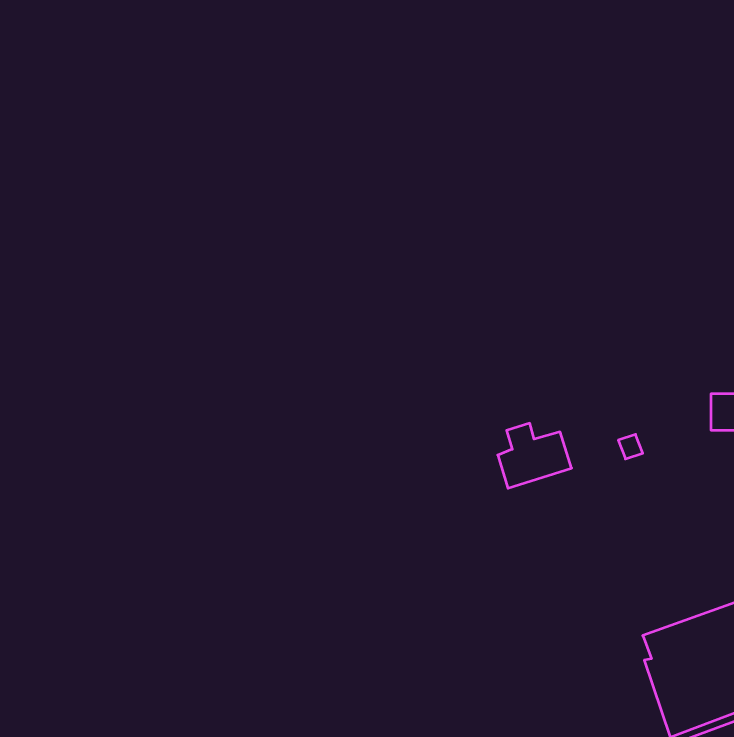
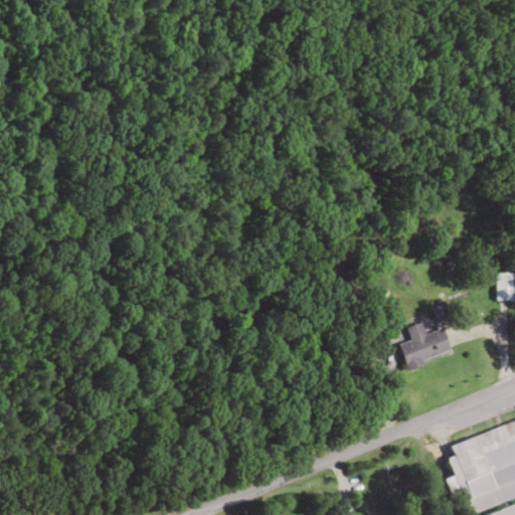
building: [498,423,572,488] -> [402,323,454,368]

